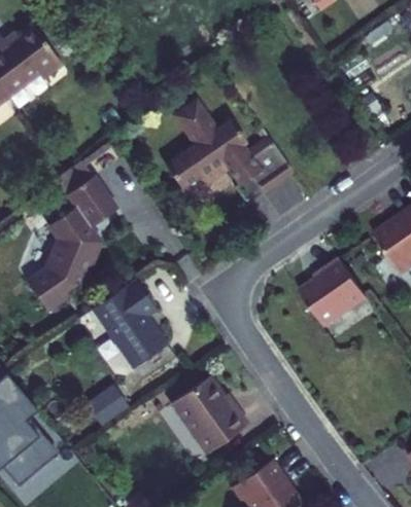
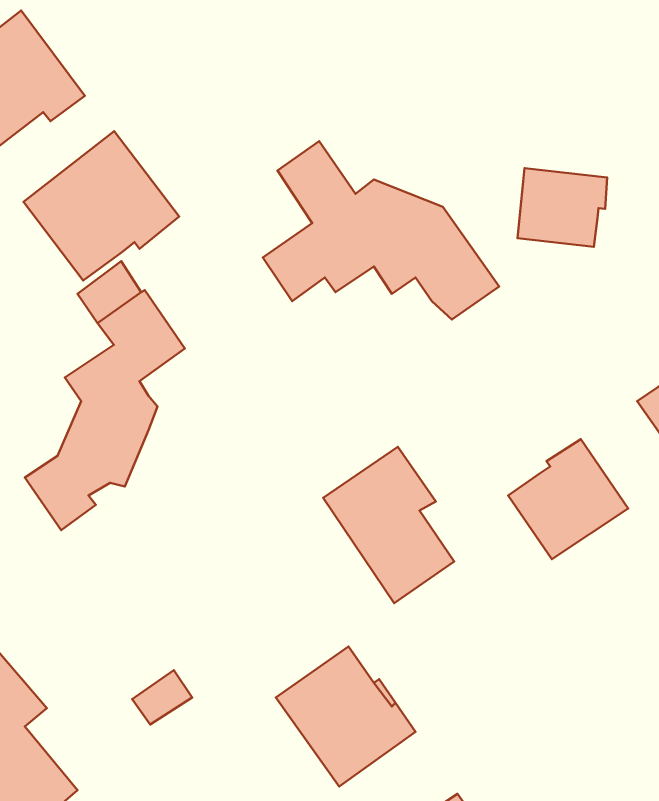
building: none -> [23,131,179,281]
building: none -> [518,168,607,247]
building: [93,281,167,369] -> [323,447,454,603]

